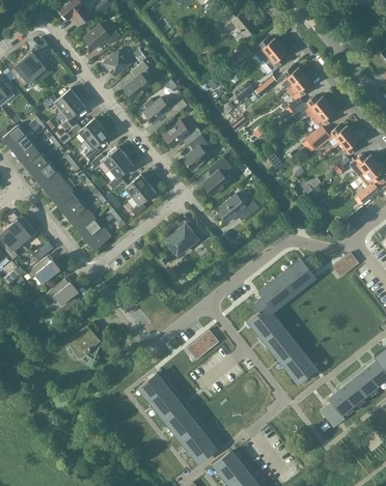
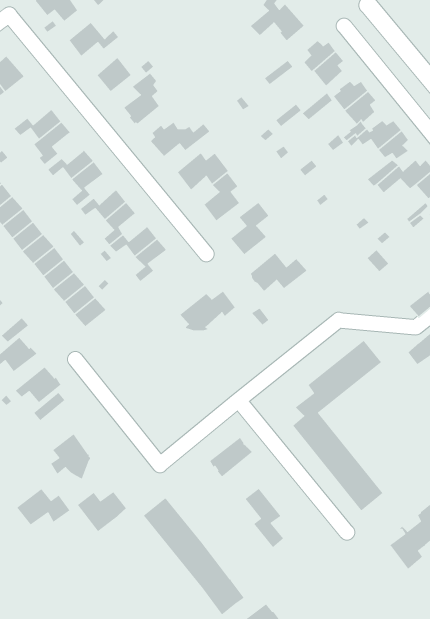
building: none -> [245,488,284,548]
building: none -> [16,488,70,526]
building: none -> [77,491,127,532]

